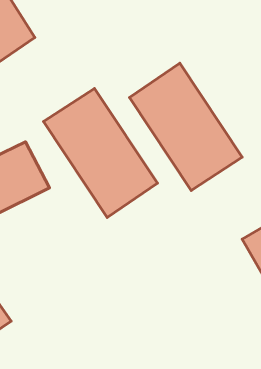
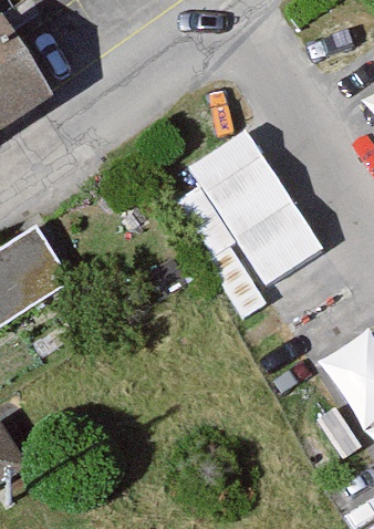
building: [44,89,158,217] -> none

